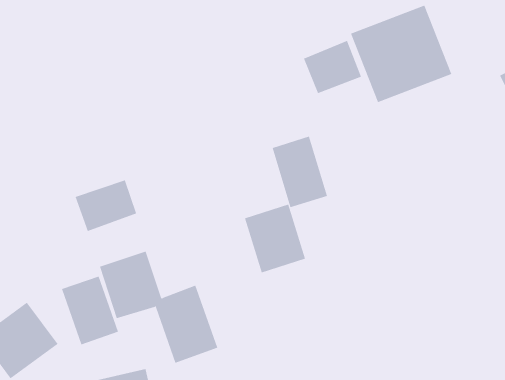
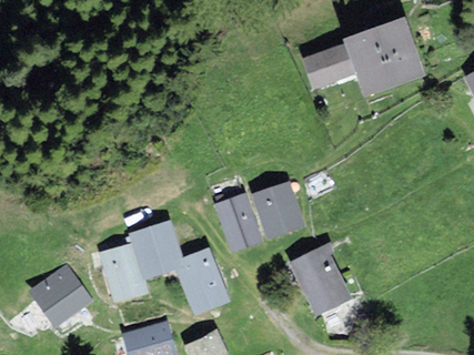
building: [272,136,328,208] -> [213,192,261,253]
building: [75,179,137,232] -> none
building: none -> [290,246,347,313]

